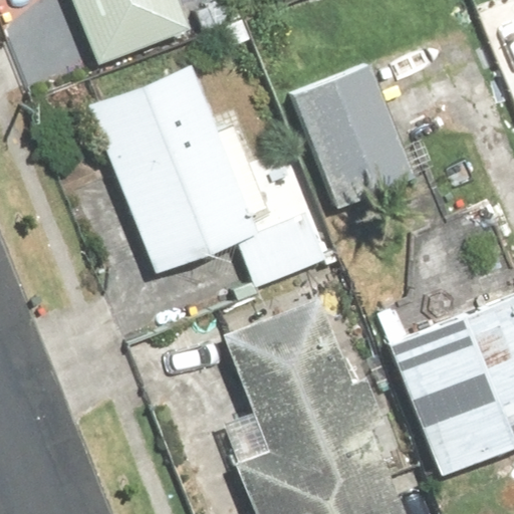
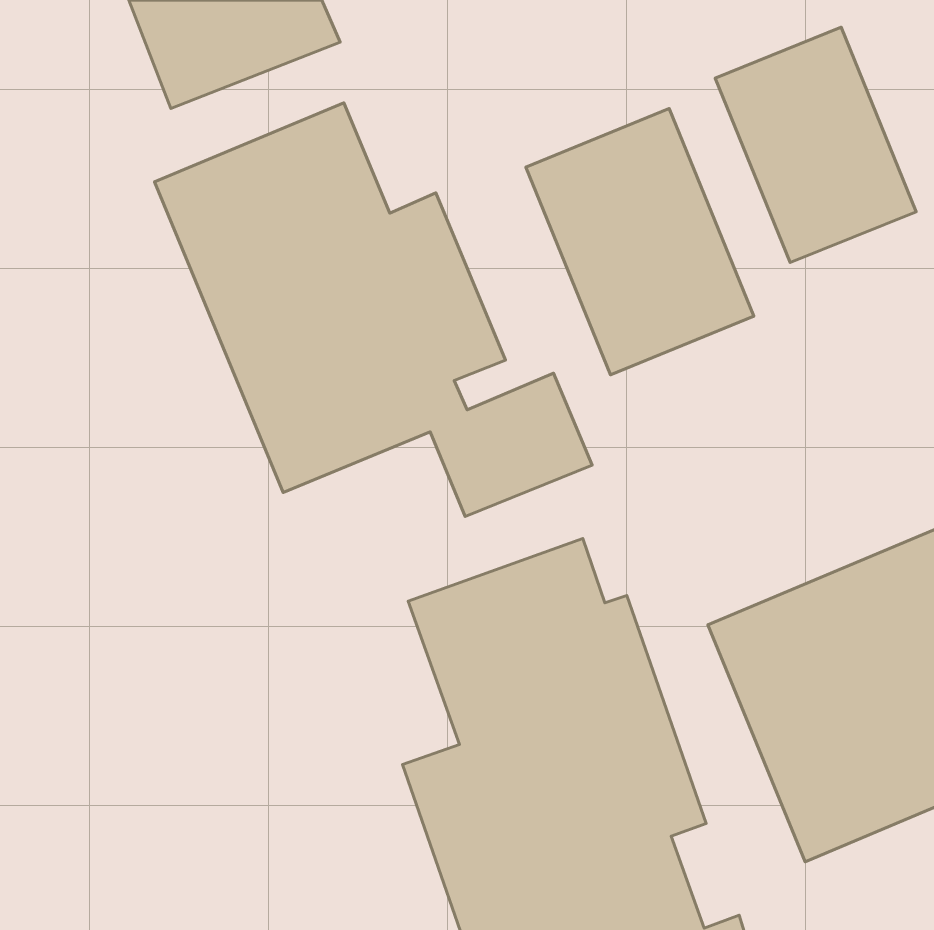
building: none -> [715,27,916,263]

